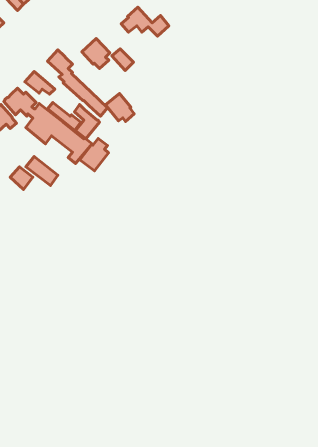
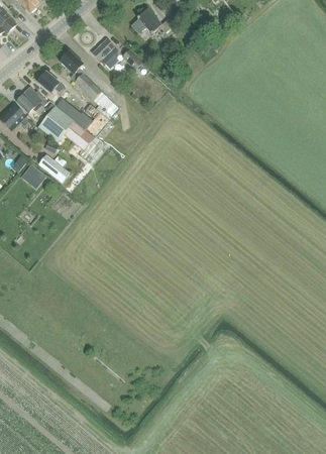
building: [105,93,134,121] -> none
building: [80,139,109,171] -> none

